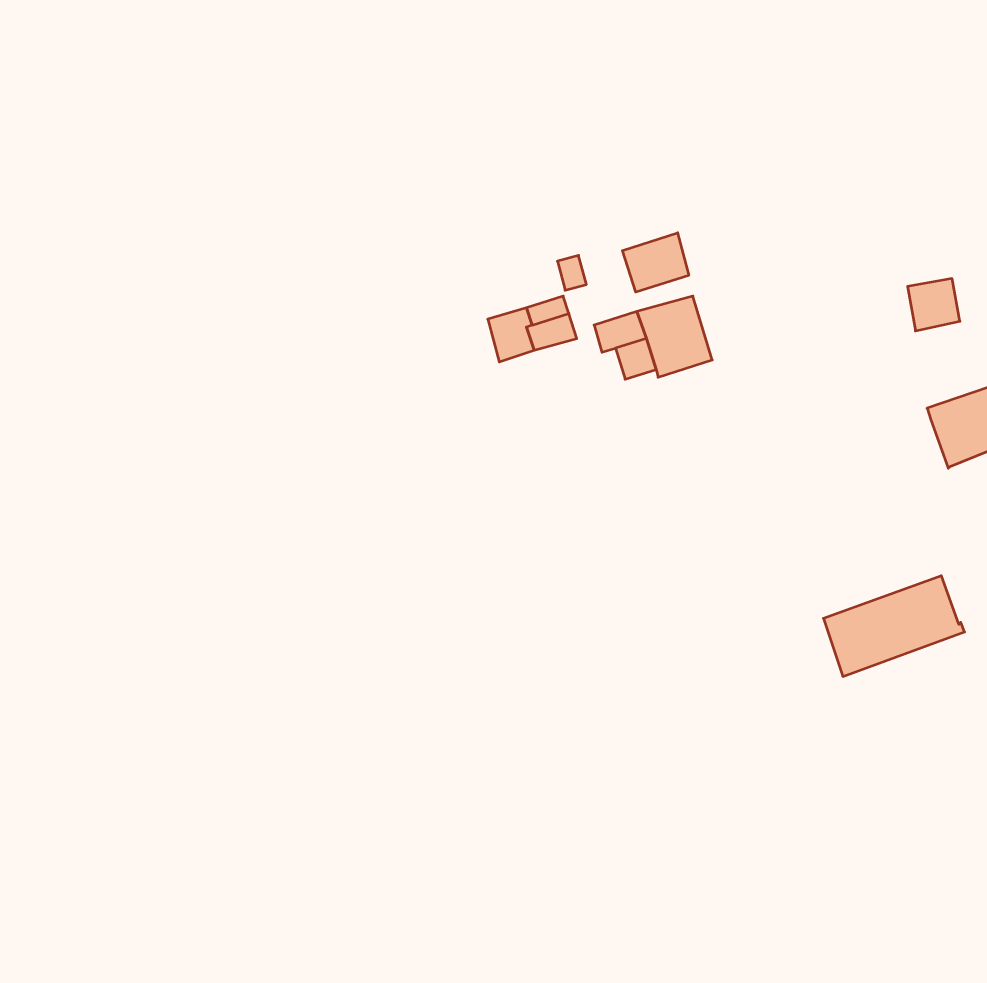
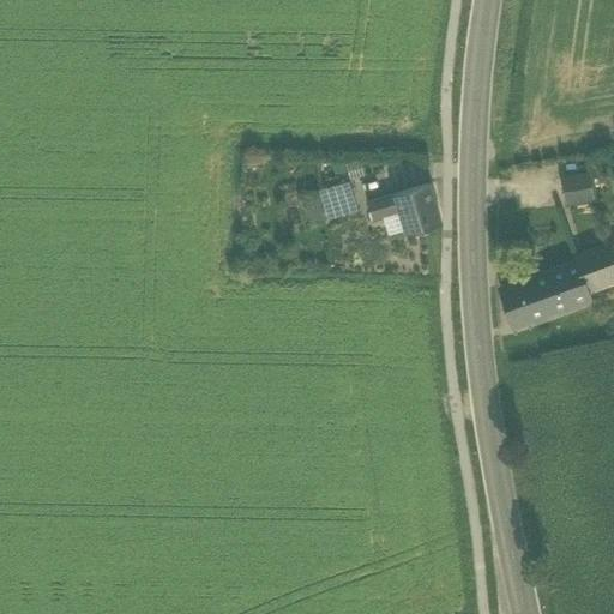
building: [622,233,689,292] -> none
building: [823,576,965,676] -> [505,264,592,326]

